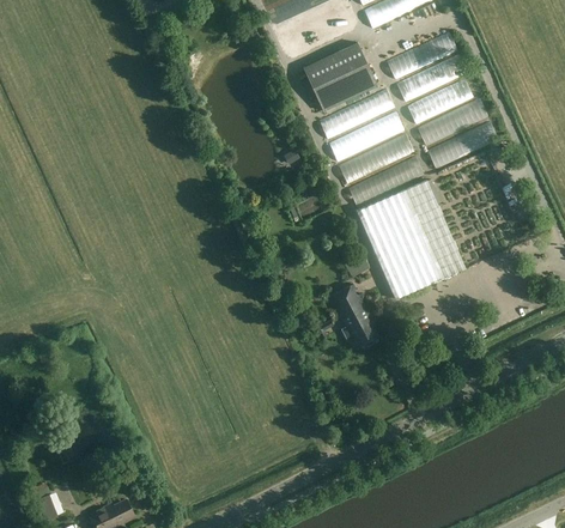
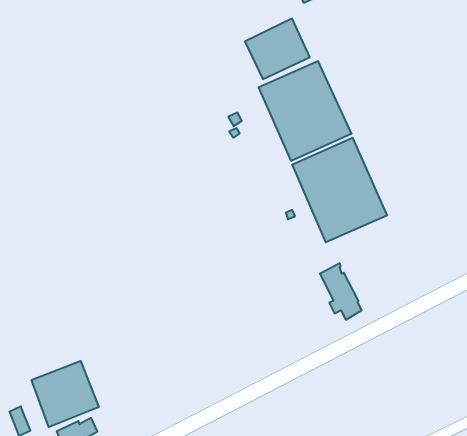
building: [389,35,498,171] -> none
building: [330,284,378,348] -> [320,263,362,320]
building: none -> [32,361,99,427]

